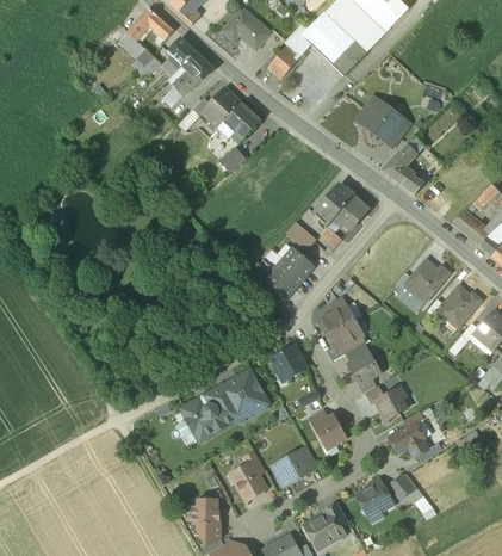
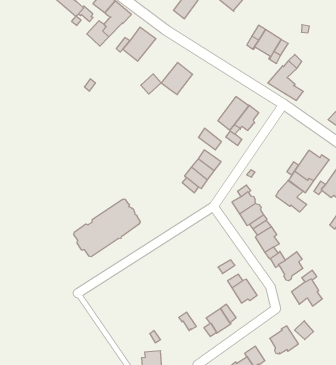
building: [219,103,260,143] -> [161,63,193,95]
building: none -> [276,180,307,212]
building: [271,346,305,378] -> none
building: [181,371,267,440] -> [74,199,140,257]
building: [235,463,264,500] -> none

